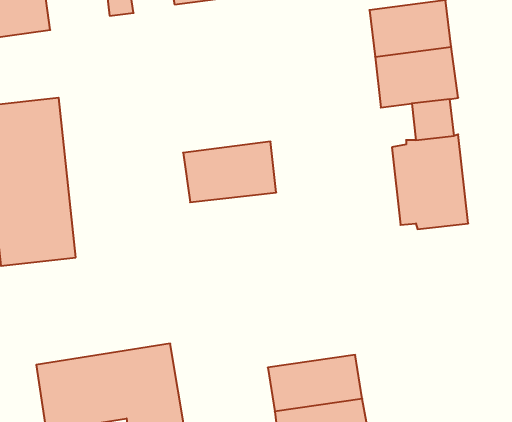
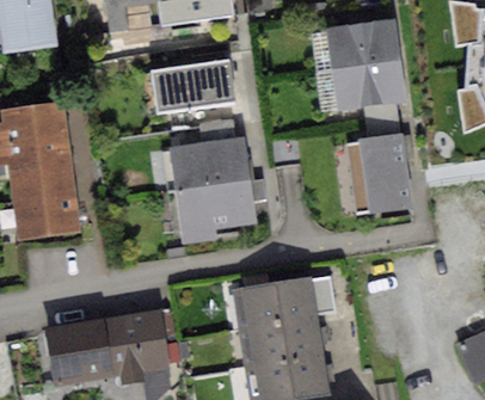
building: none -> [151,60,234,112]
building: none -> [176,181,253,244]
building: none -> [235,277,315,330]

